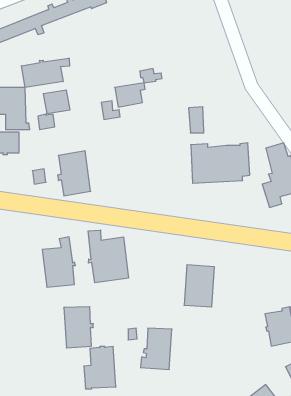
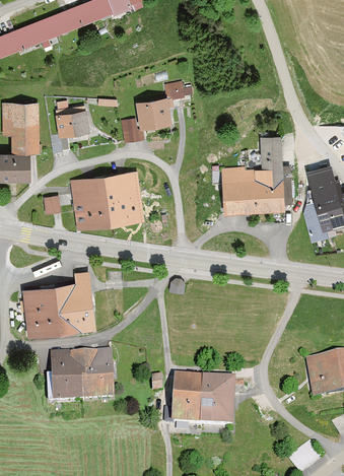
building: [21,58,70,87] -> none
building: [189,107,204,133] -> [262,140,279,169]
building: none -> [104,172,141,221]
building: [88,230,128,283] -> none
building: none -> [23,287,60,334]
building: [184,265,214,307] -> [199,378,233,425]
building: [84,347,116,389] -> [46,353,82,401]

